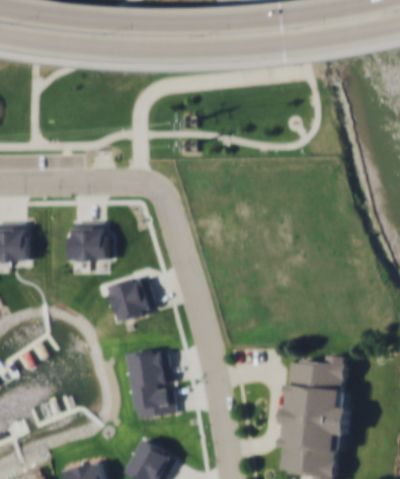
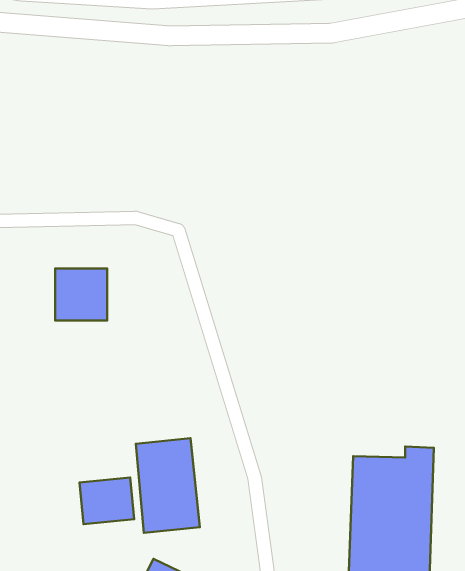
building: [105,274,155,322] -> none
building: none -> [79,478,134,524]

